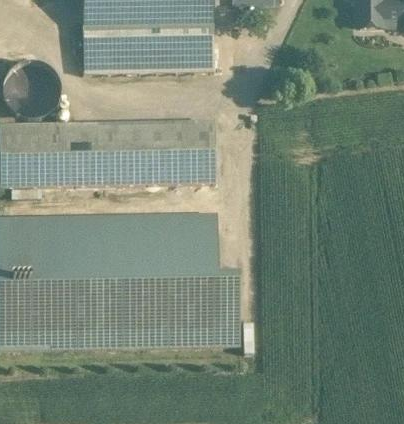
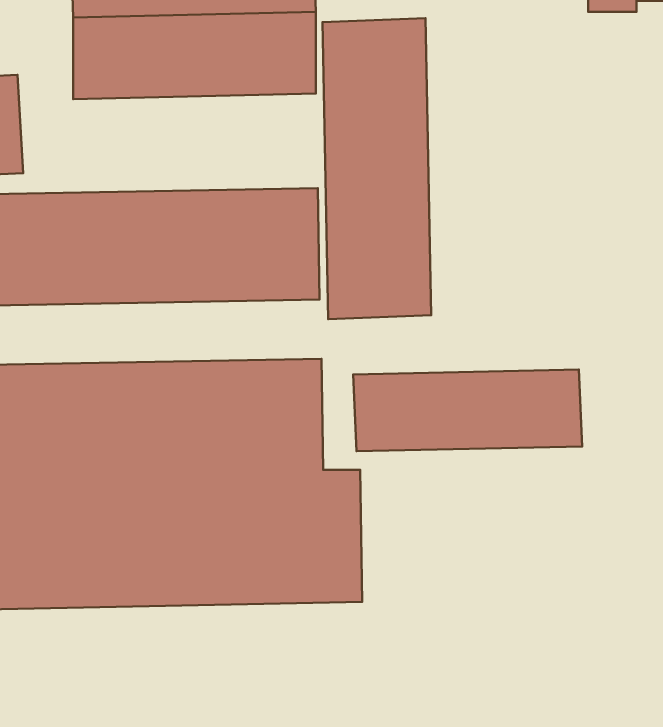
building: none -> [323,18,431,319]
building: none -> [353,370,582,451]

